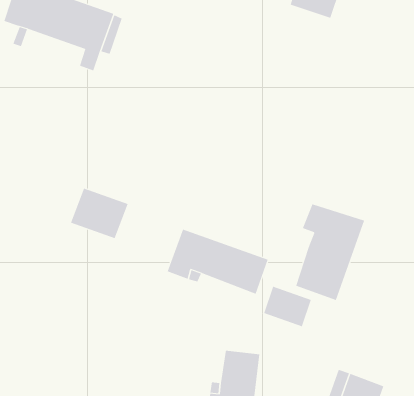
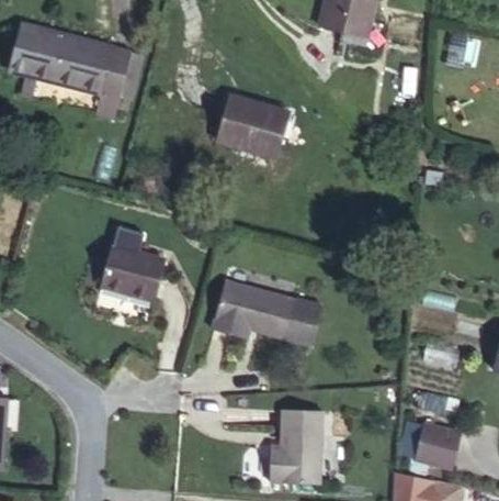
building: none -> [217,96,288,156]
building: [296,203,365,301] -> none
building: [263,286,311,327] -> none

